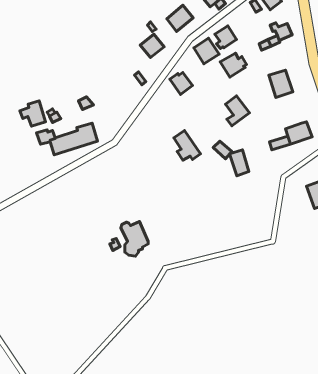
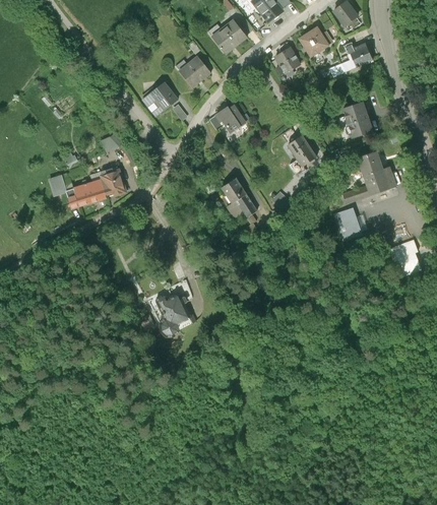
building: [194,38,219,64] -> none
building: [220,53,247,77] -> [298,26,331,57]
building: none -> [143,83,175,114]
building: [20,101,46,126] -> none
building: none -> [357,151,383,176]
building: [230,150,249,176] -> [331,208,356,241]

